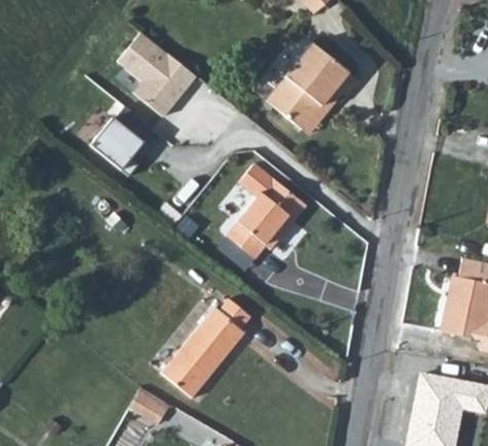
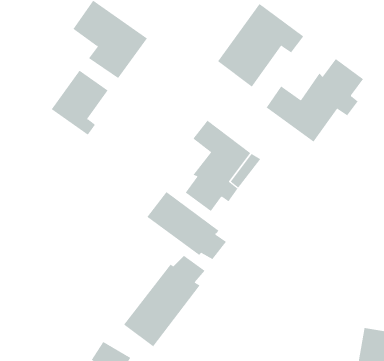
building: none -> [266,58,364,142]
building: none -> [146,191,227,260]

